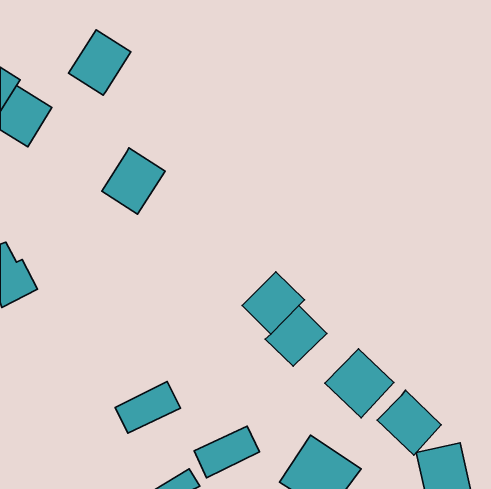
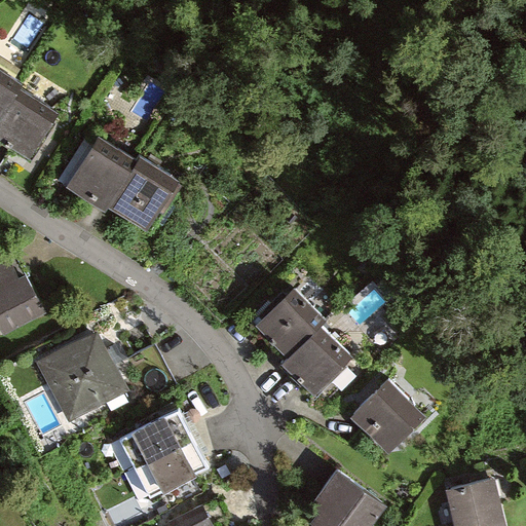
building: [68,30,131,95] -> [69,141,136,211]
building: none -> [43,339,122,418]
building: [377,390,441,455] -> none
building: [194,426,260,478] -> [137,439,206,494]

